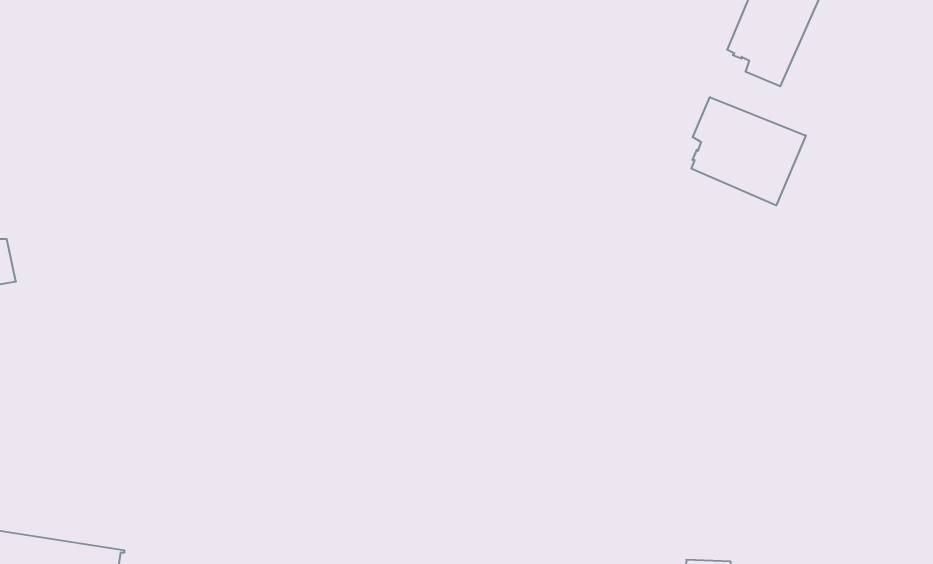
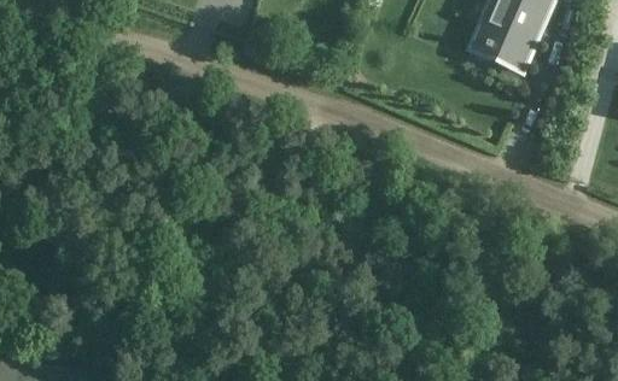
building: [691,97,806,205] -> none

